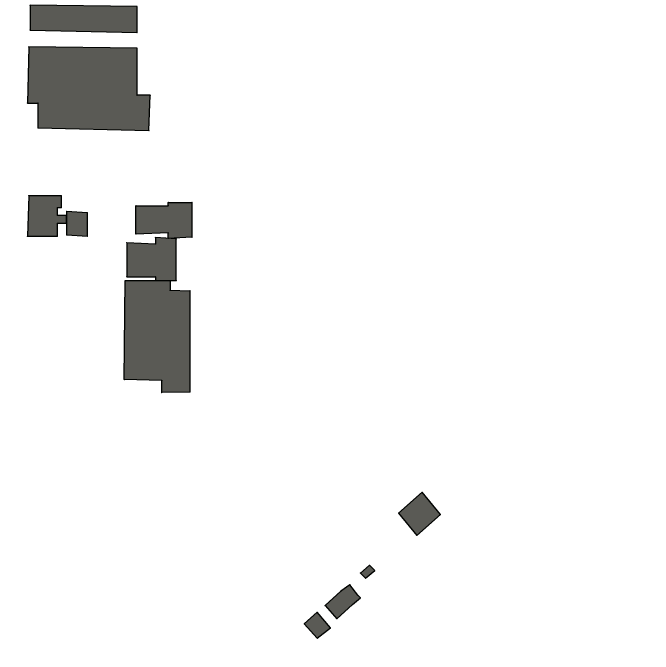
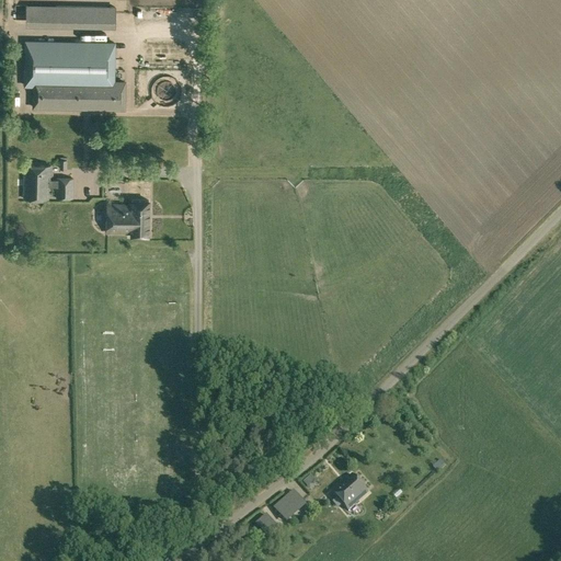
building: [136,202,192,238] -> none
building: [124,281,190,393] -> none
building: [399,492,440,535] -> [333,474,368,511]

